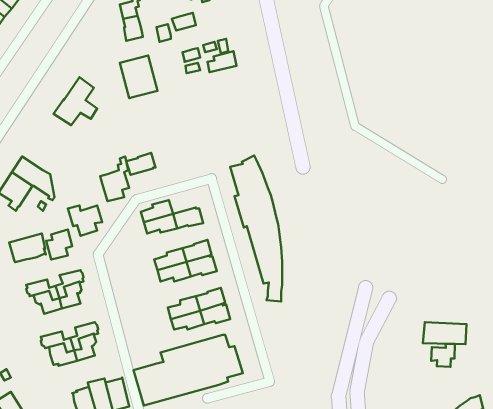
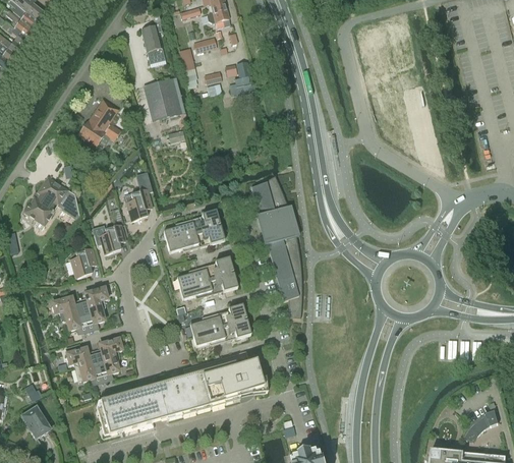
building: [126,153,155,175] -> [190,211,219,232]
building: [9,234,46,262] -> none
building: [431,344,455,367] -> none

